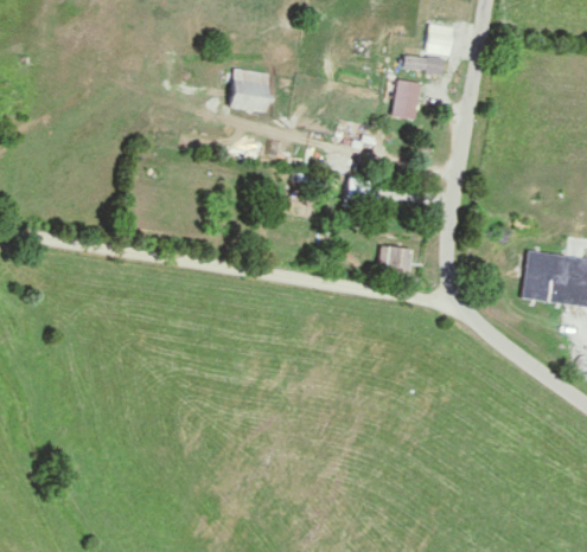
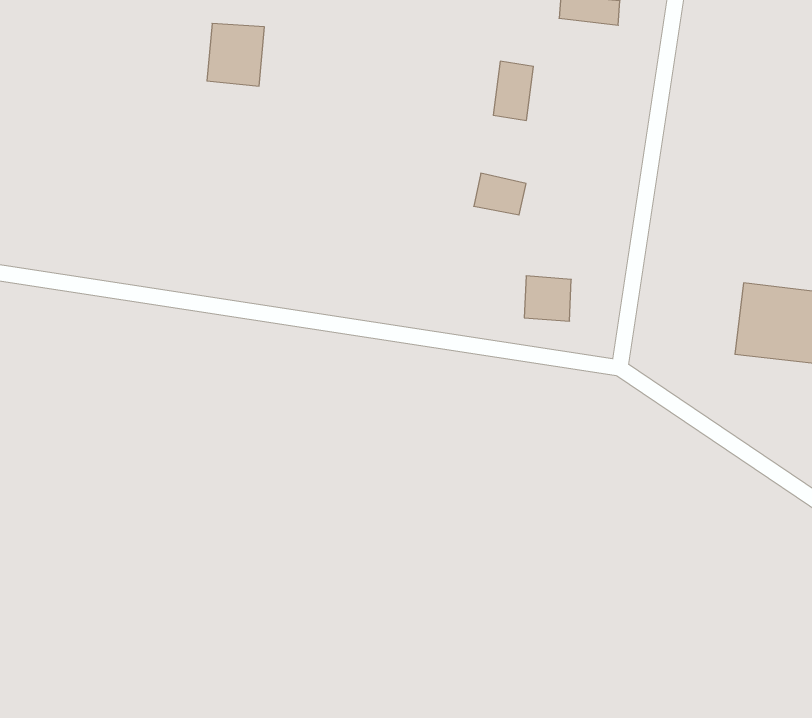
building: [230,69,269,111] -> [207,23,264,86]
building: [393,79,420,120] -> [493,61,533,120]

